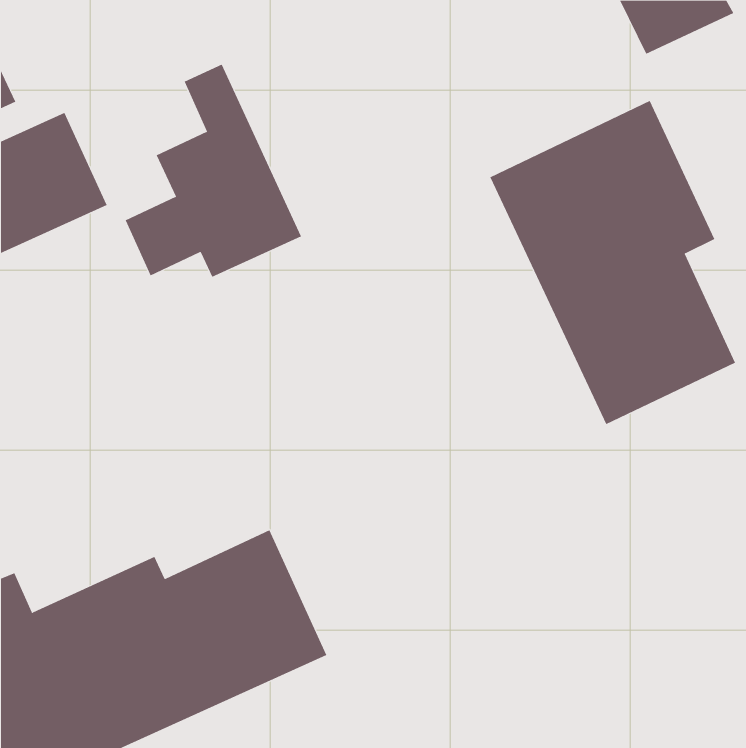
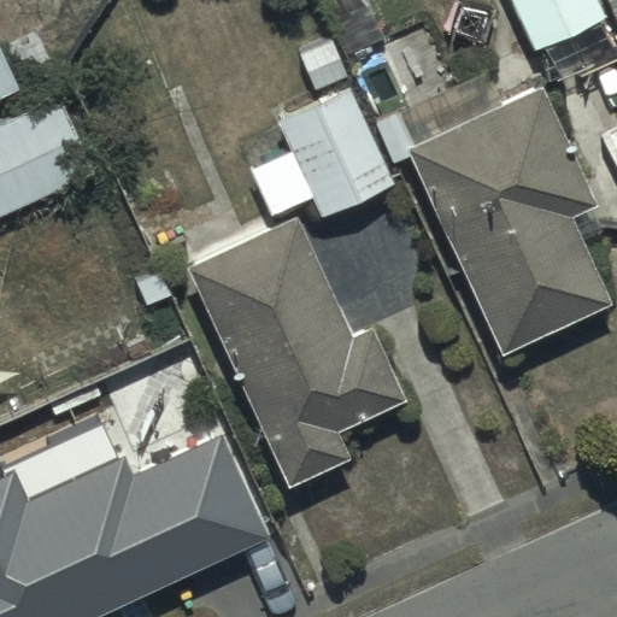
building: [125,64,302,278] -> [251,41,395,216]
building: none -> [187,216,402,484]

